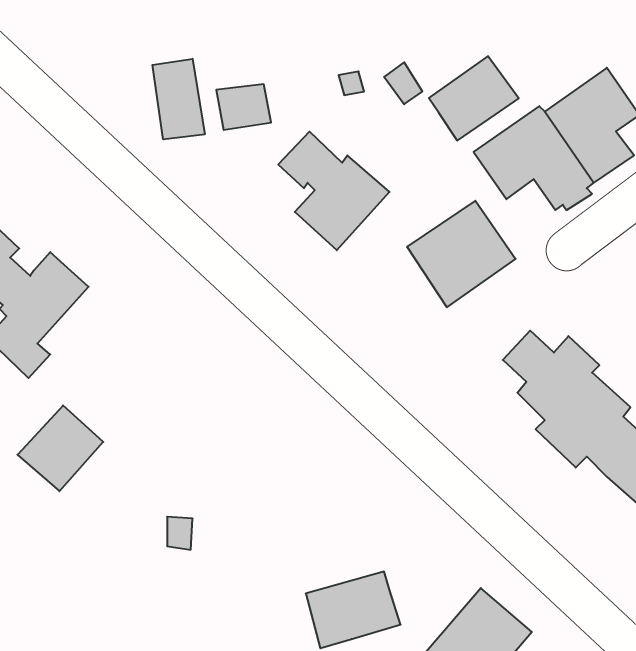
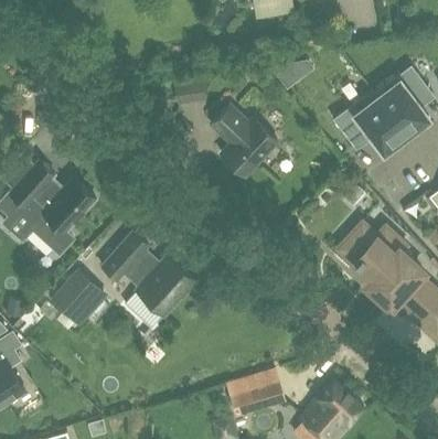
building: [429,56,519,141] -> none
building: [152,59,205,139] -> none
building: [407,201,516,307] -> none
building: none -> [102,233,196,317]

